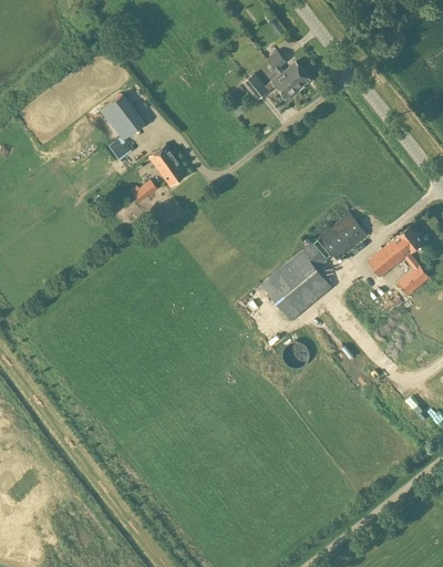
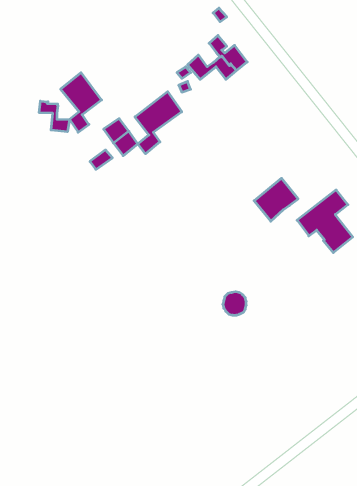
building: none -> [135,92,182,154]
building: none -> [39,101,69,132]
building: [260,244,332,321] -> none

